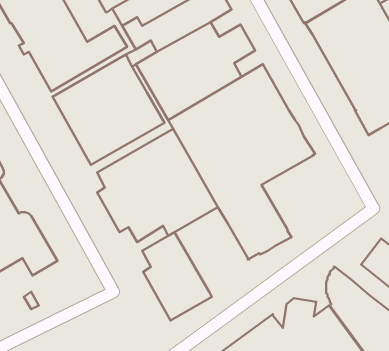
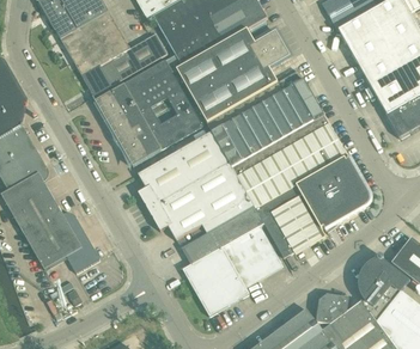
building: none -> [296,155,370,227]
building: none -> [212,206,284,287]
building: none -> [366,252,409,290]

